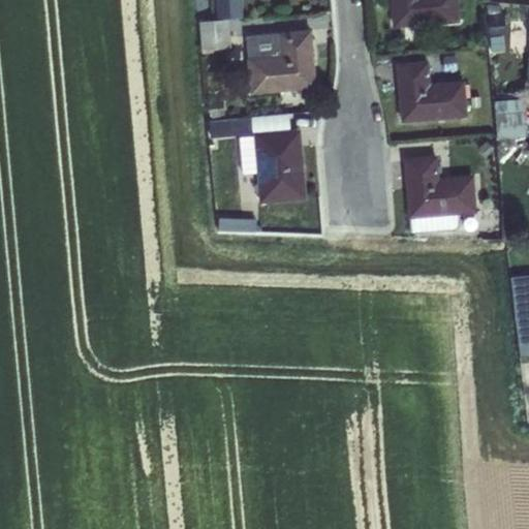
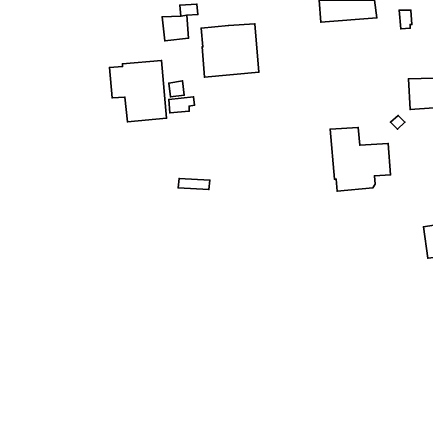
building: [396,60,467,122] -> none
building: [238,128,307,203] -> [110,61,167,122]

